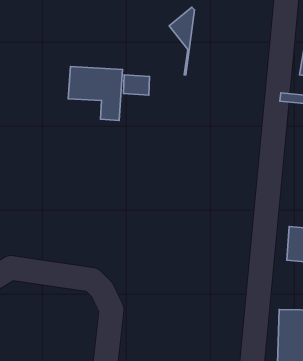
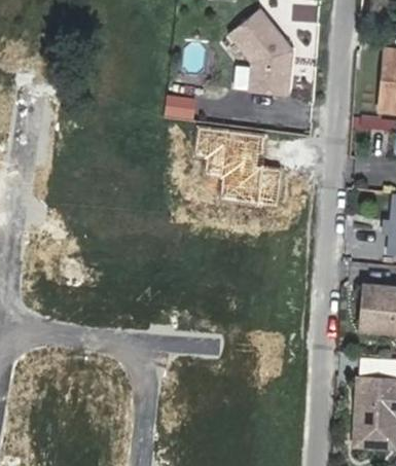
building: none -> [241,21,282,103]
building: [68,66,122,120] -> none

